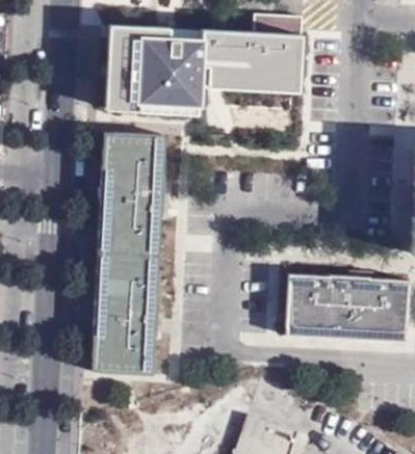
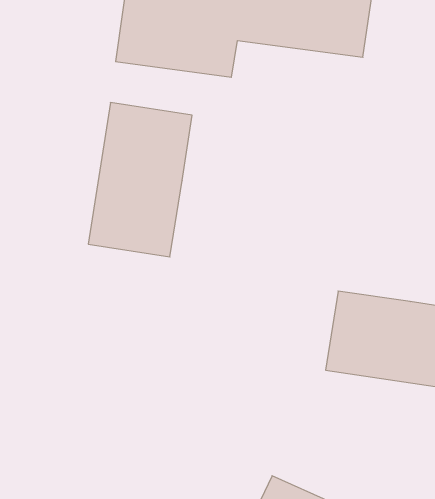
building: [87,250,160,380] -> none

